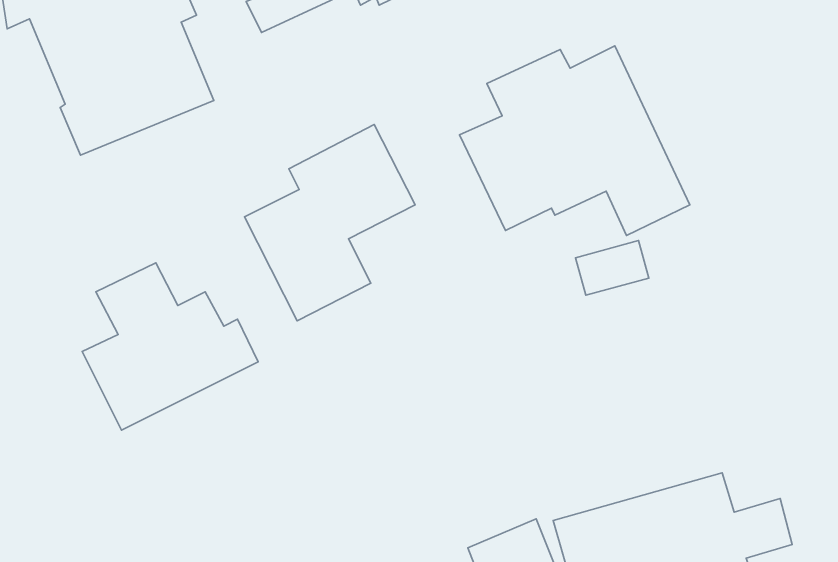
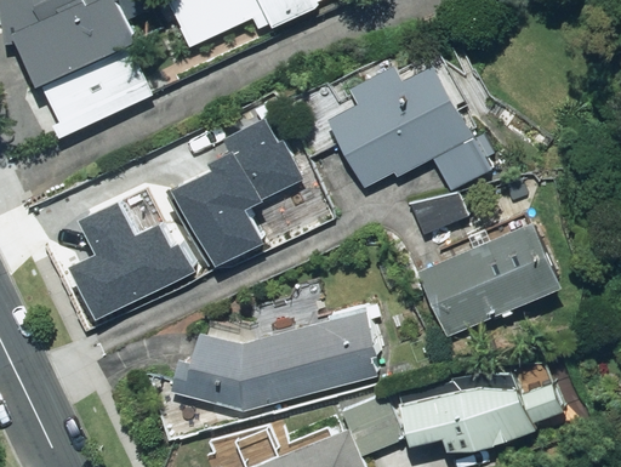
building: none -> [412,217,566,341]
building: none -> [175,307,381,412]

